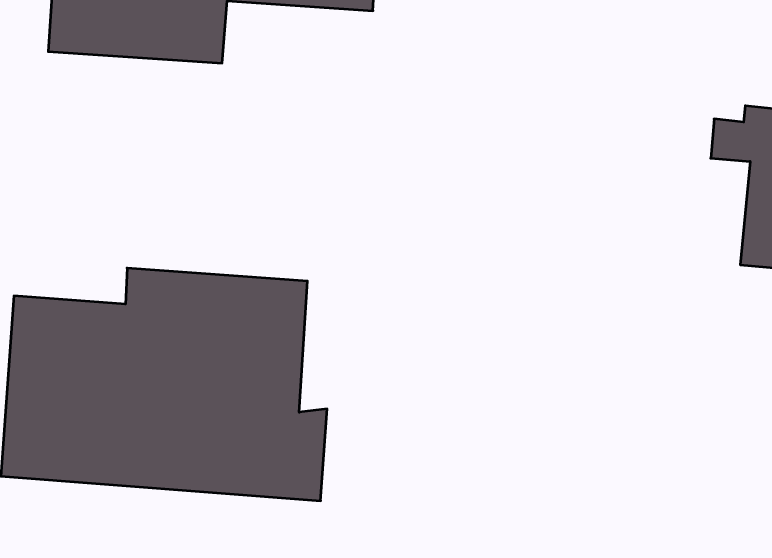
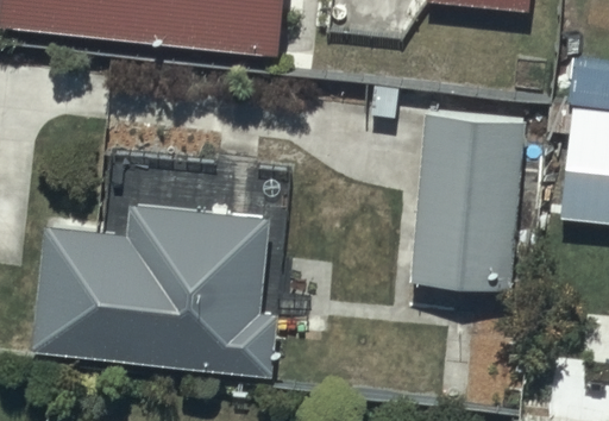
building: none -> [413,100,523,278]

